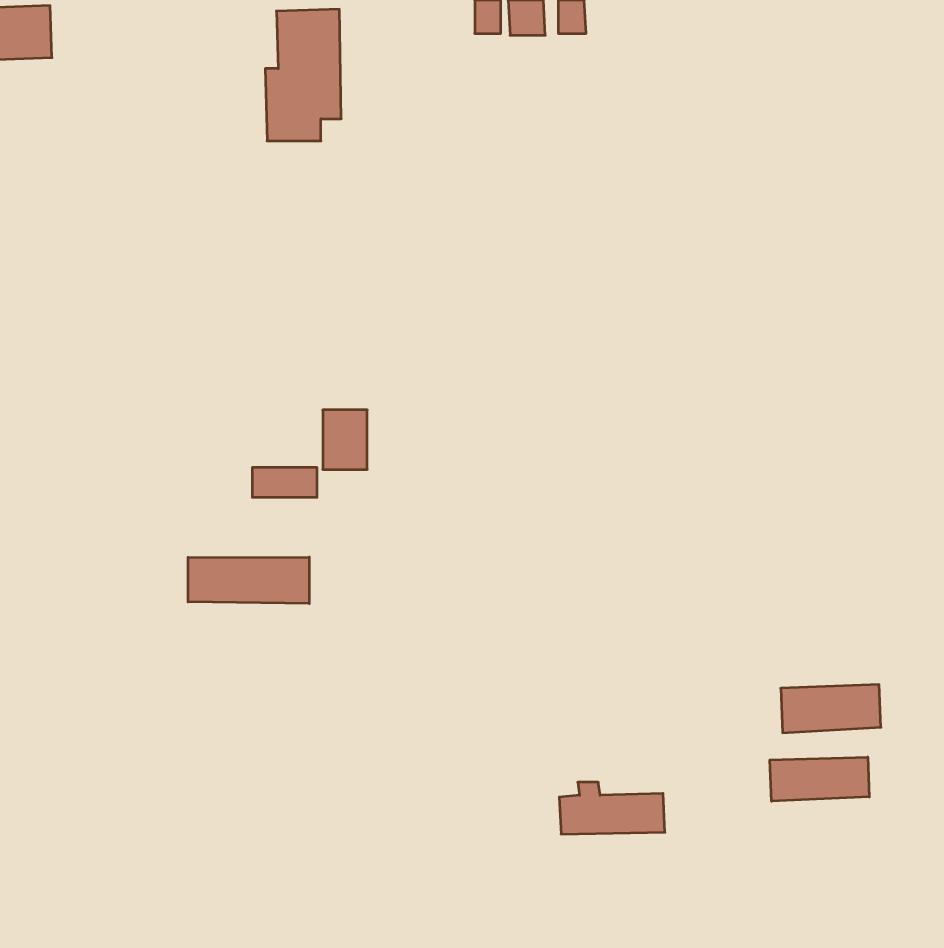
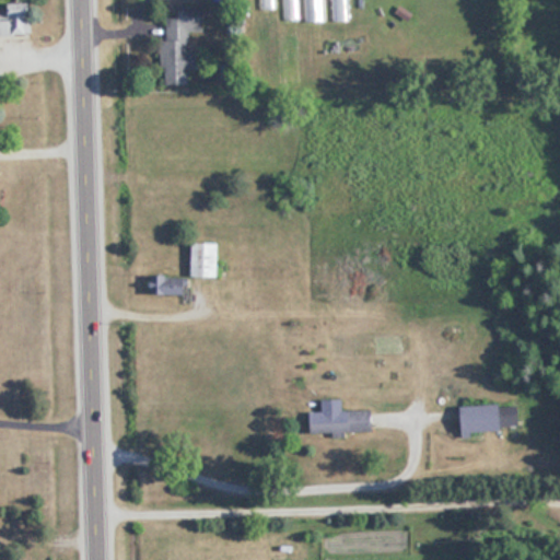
building: [188,557,309,604] -> none
building: [770,757,869,801] -> none
building: [559,782,665,834] -> [310,402,372,433]

